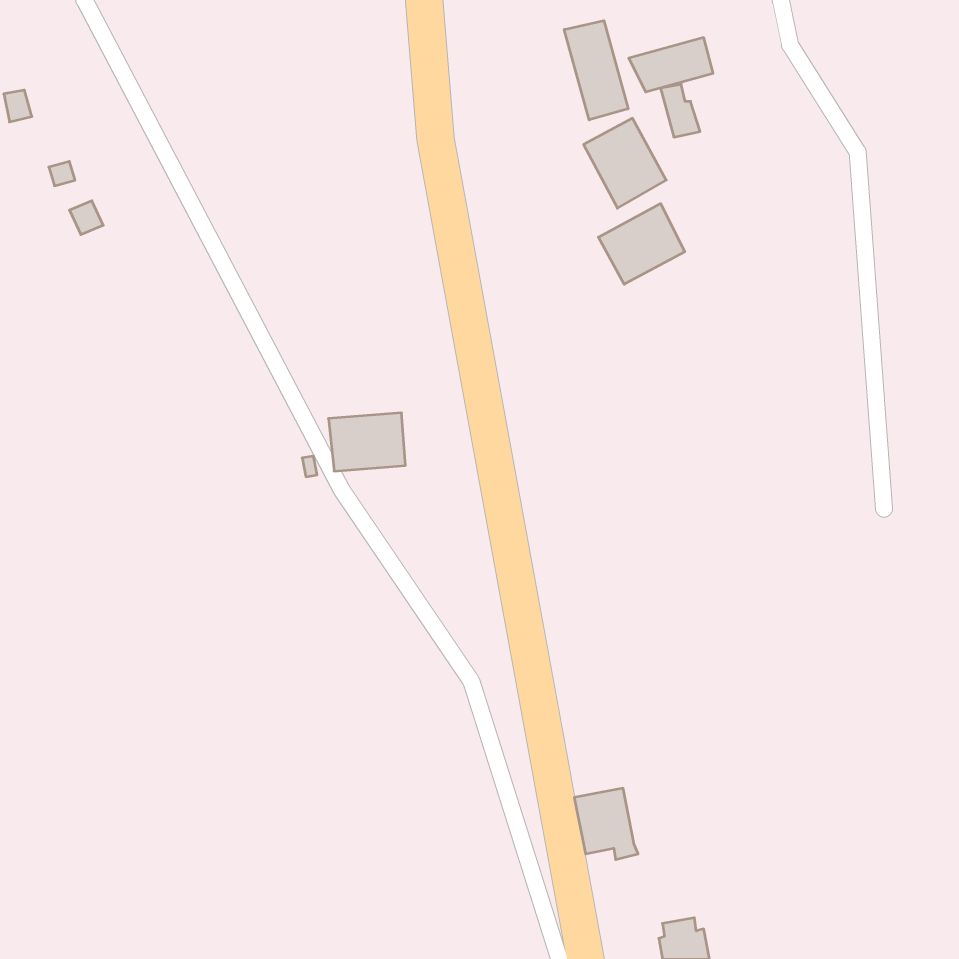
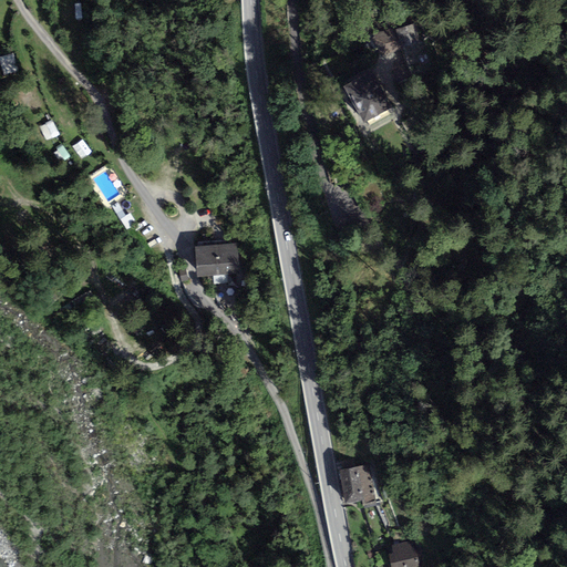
building: [564,21,628,120] -> none
building: [598,204,685,284] -> none

